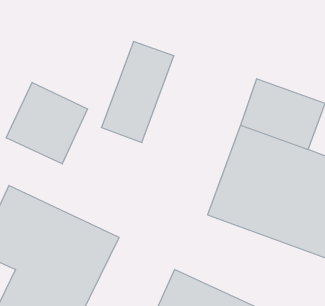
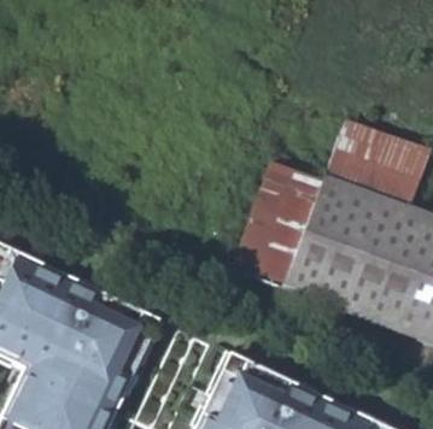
building: [101,42,174,143] -> [228,161,321,290]
building: [6,82,88,164] -> none

